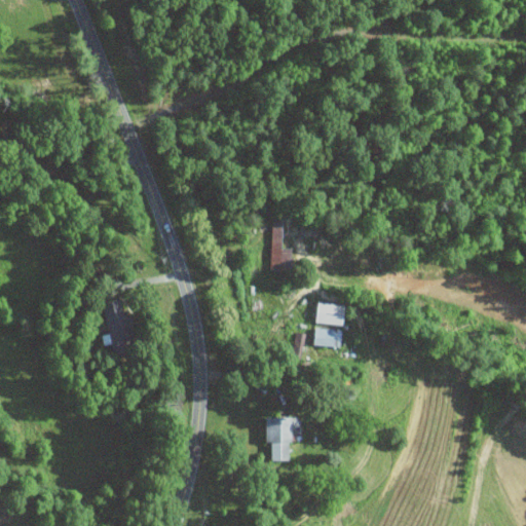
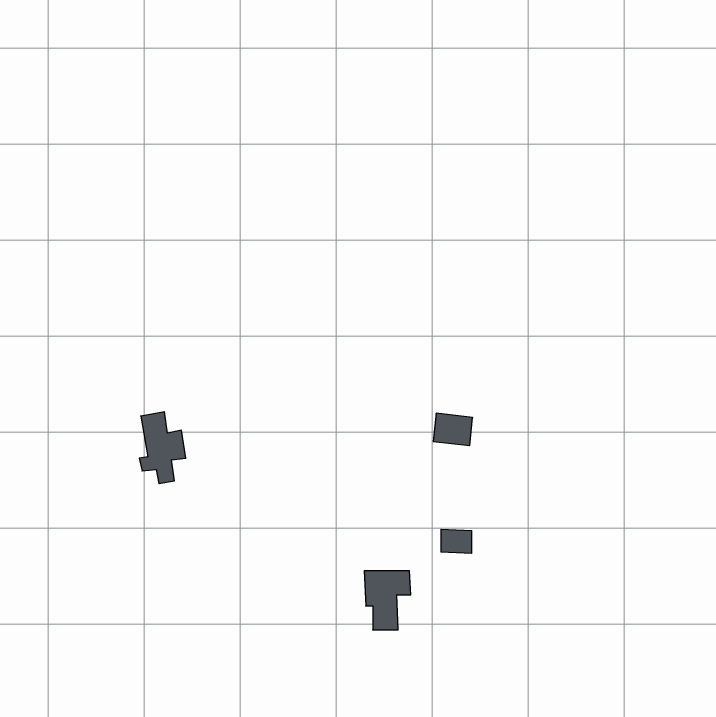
building: [270,220,293,271] -> none
building: [314,330,337,347] -> [441,529,472,553]

